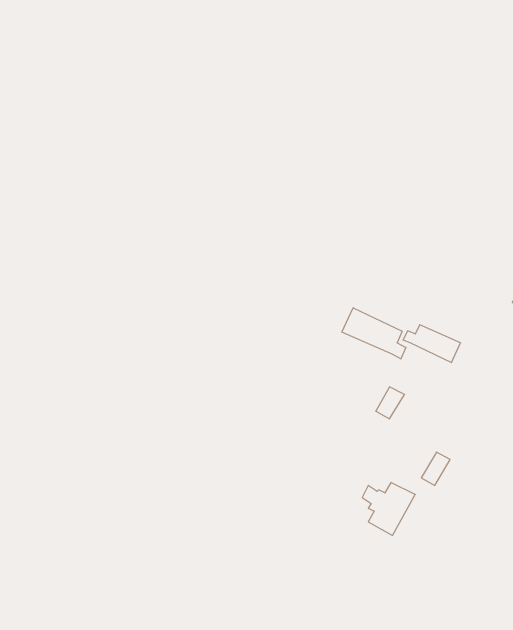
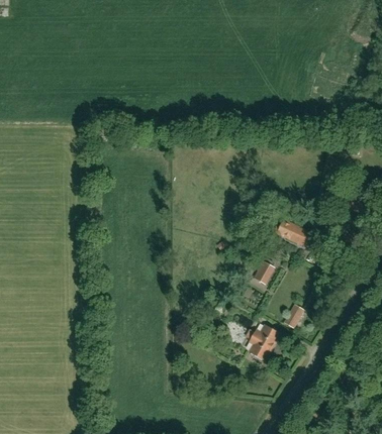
building: [342,308,406,359] -> none

